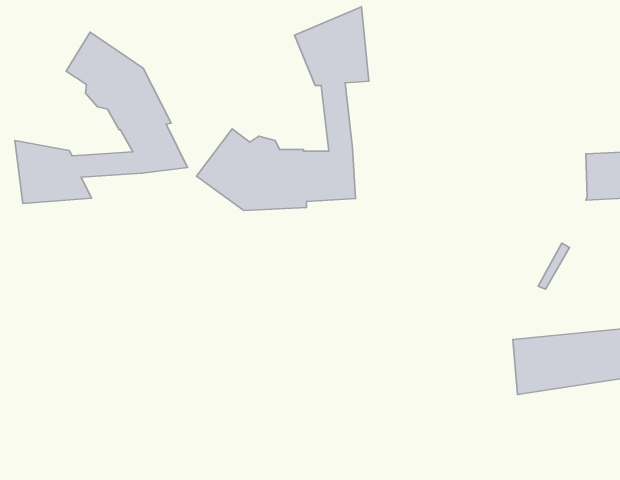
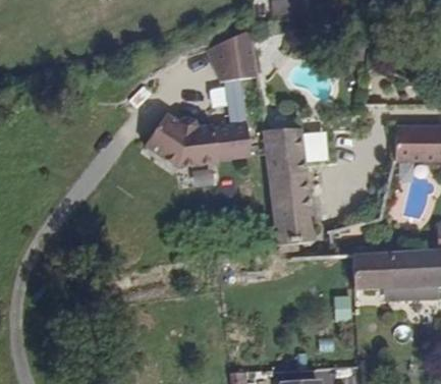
building: [15,32,188,203] -> none
building: none -> [265,132,336,248]

